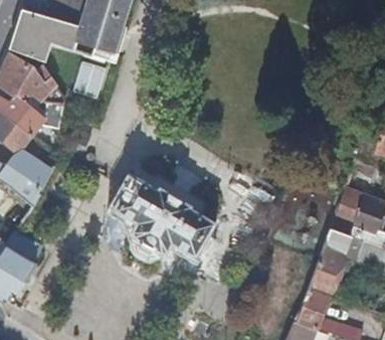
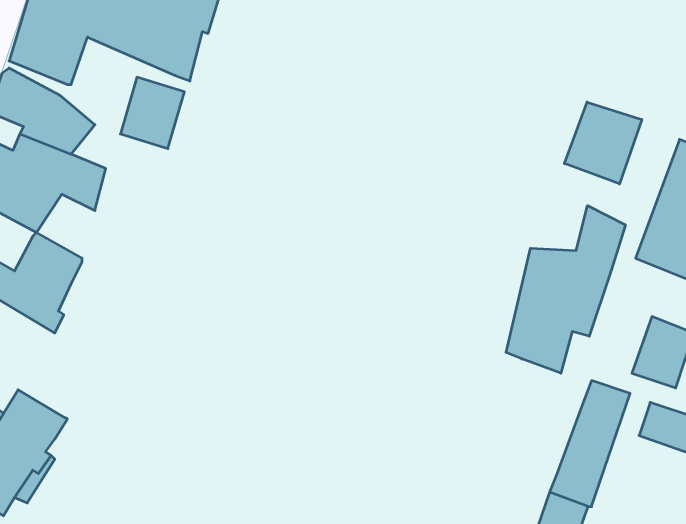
building: none -> [564,102,642,184]
building: none -> [506,206,625,373]
building: [112,174,214,256] -> none

